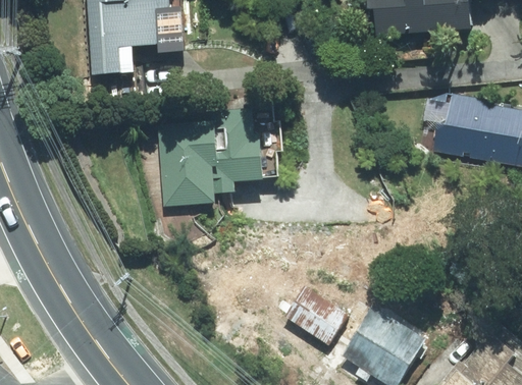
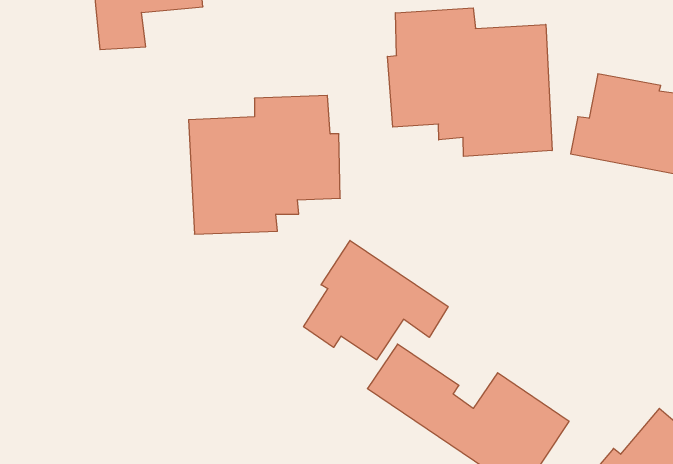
building: none -> [387,8,552,156]
building: none -> [304,240,448,360]

